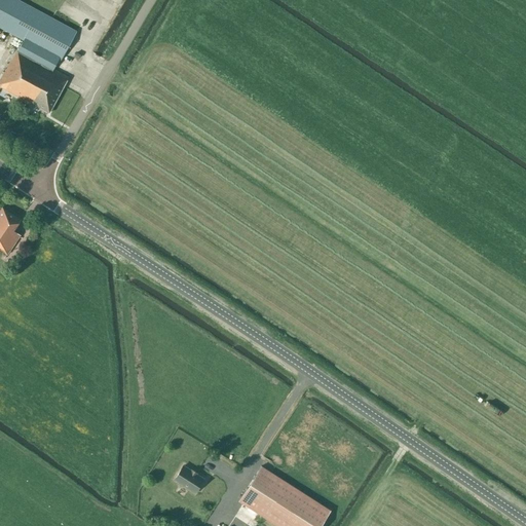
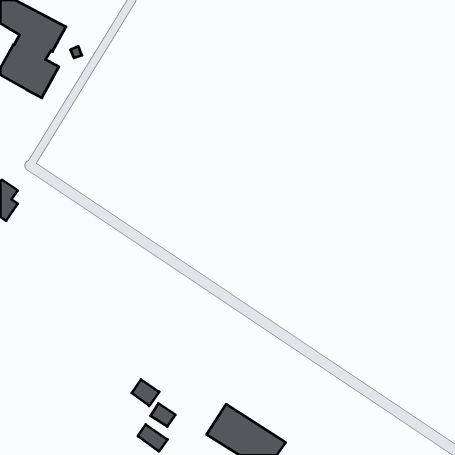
building: none -> [132,379,159,406]
building: none -> [138,424,168,451]

